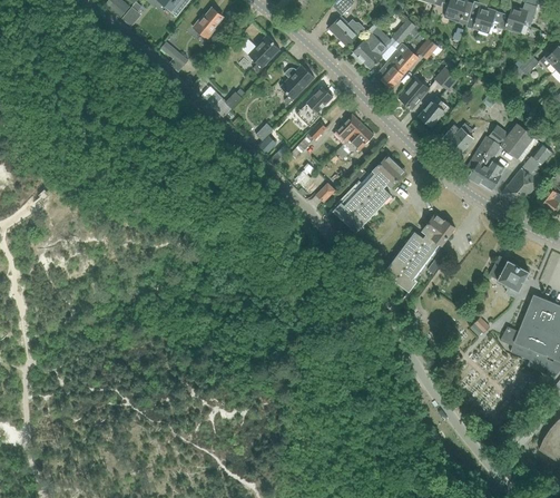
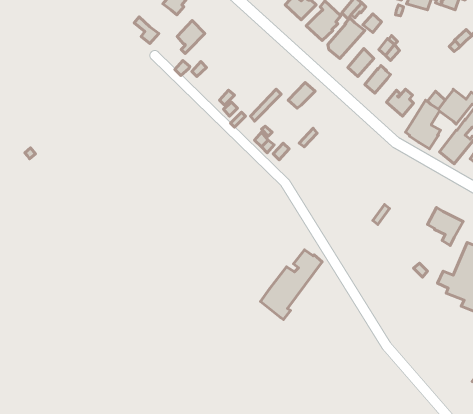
building: [248,36,279,72] -> [177,21,205,53]
building: [279,65,314,104] -> none
building: [296,87,333,126] -> none
building: [336,125,374,158] -> none
building: [333,154,405,232] -> none
building: [385,214,454,292] -> [261,250,322,320]

